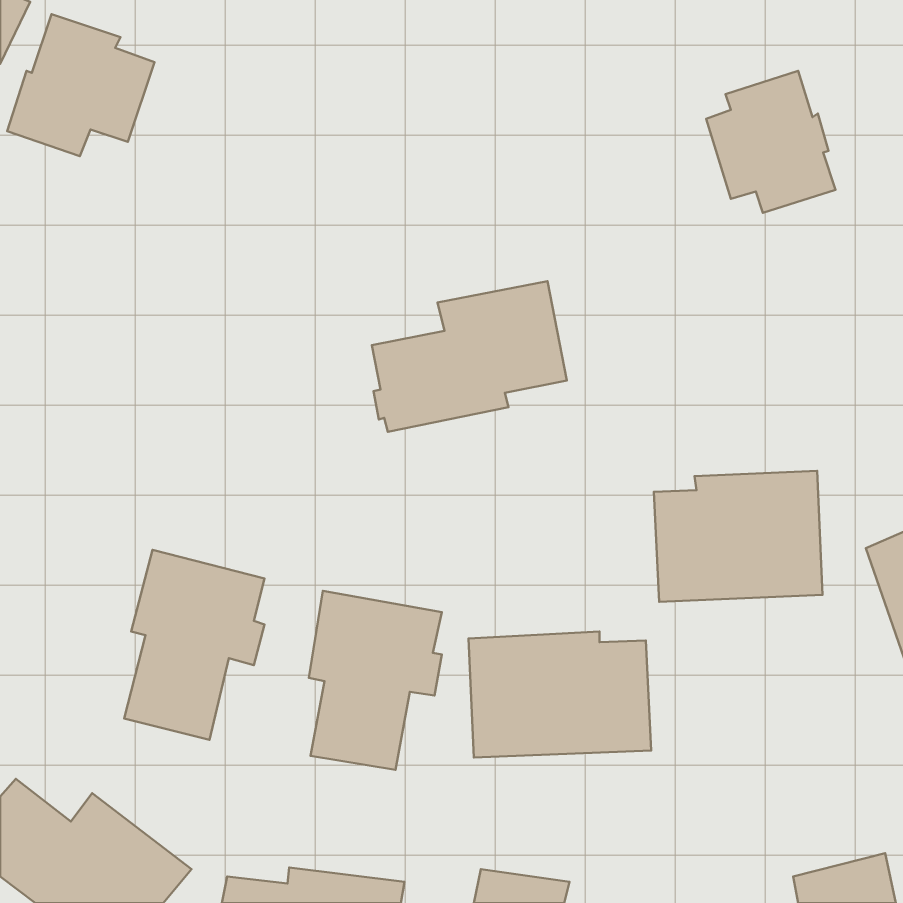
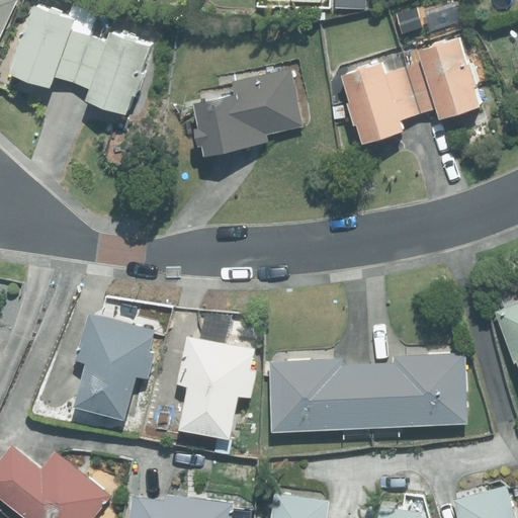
building: none -> [75,32,146,117]
building: none -> [331,66,419,145]
building: [372,281,567,432] -> [191,70,303,156]
building: [654,471,822,602] -> [370,353,466,428]

